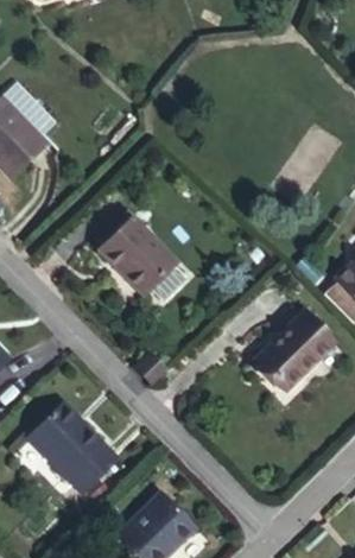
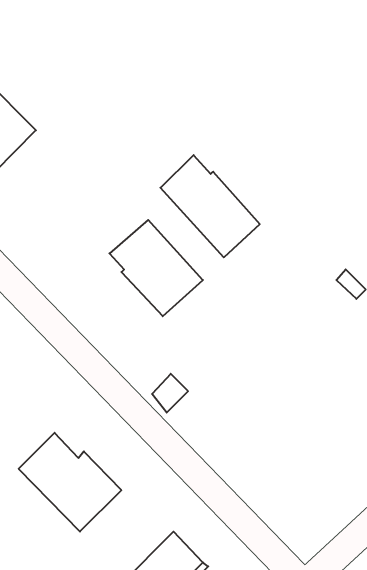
building: none -> [160,155,260,257]
building: [256,312,331,387] -> none

